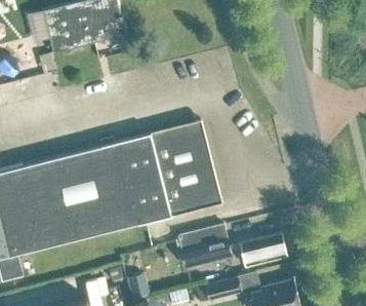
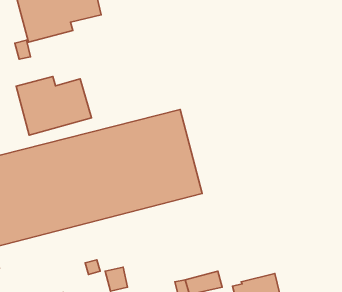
building: none -> [16,77,91,135]
building: [178,227,286,270] -> none

